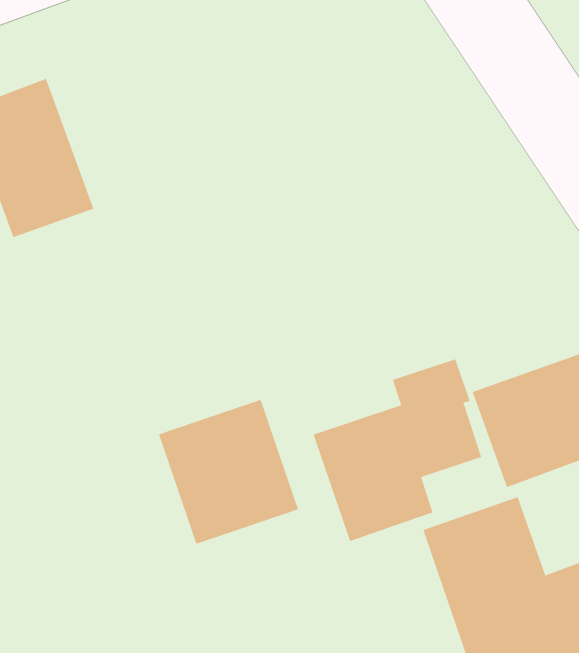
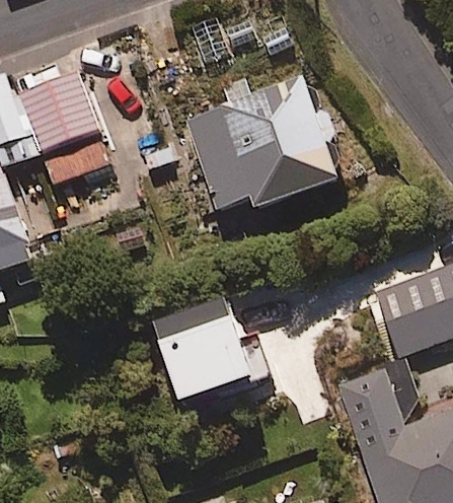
building: none -> [181,75,342,210]
building: [313,358,482,542] -> none

